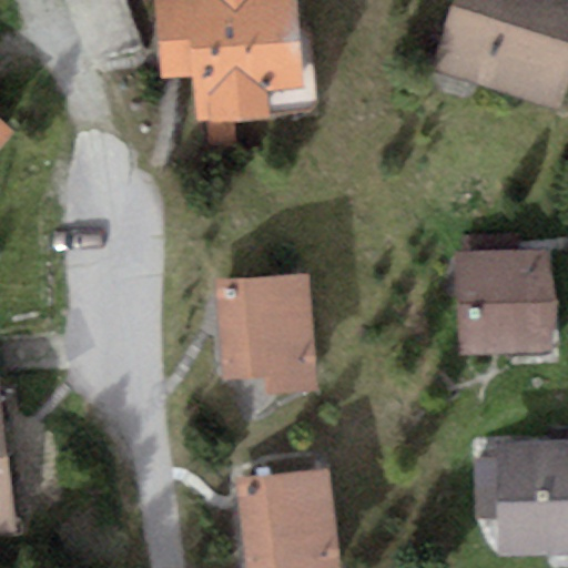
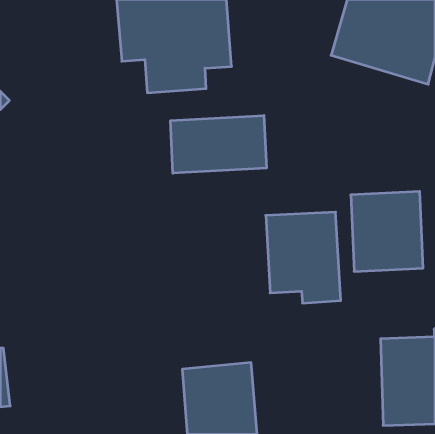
building: none -> [171,115,266,173]
building: [217,274,315,393] -> [266,212,341,303]

